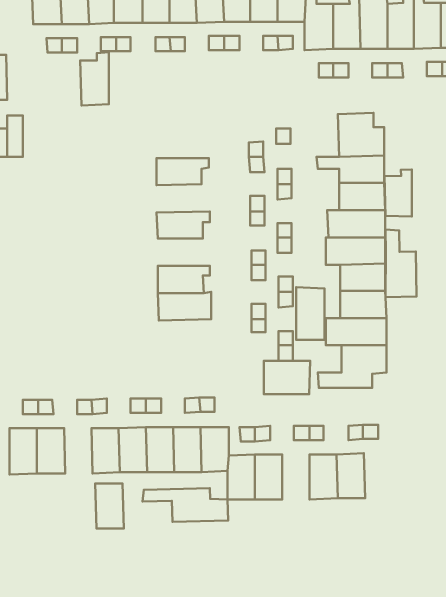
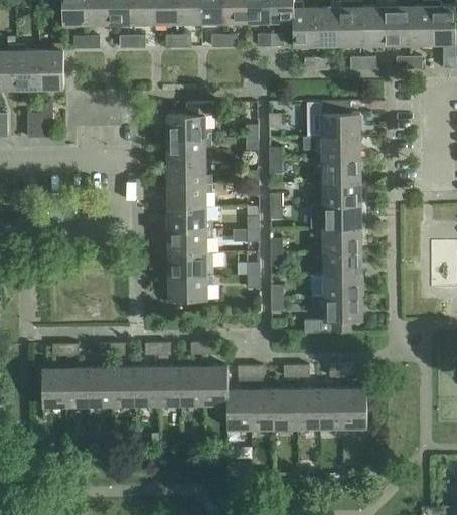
building: [80,52,109,105] -> [38,44,62,90]
building: none -> [166,103,210,139]
building: [384,170,412,216] -> none
building: none -> [166,161,211,185]
building: [386,229,417,297] -> none
building: none -> [167,207,211,230]
building: [296,287,325,340] -> none
building: none -> [168,276,212,300]
building: [264,361,310,394] -> none
building: none -> [342,389,366,427]
building: none -> [273,390,296,428]
building: [95,483,124,529] -> [88,368,112,406]
building: [143,488,228,522] -> none

